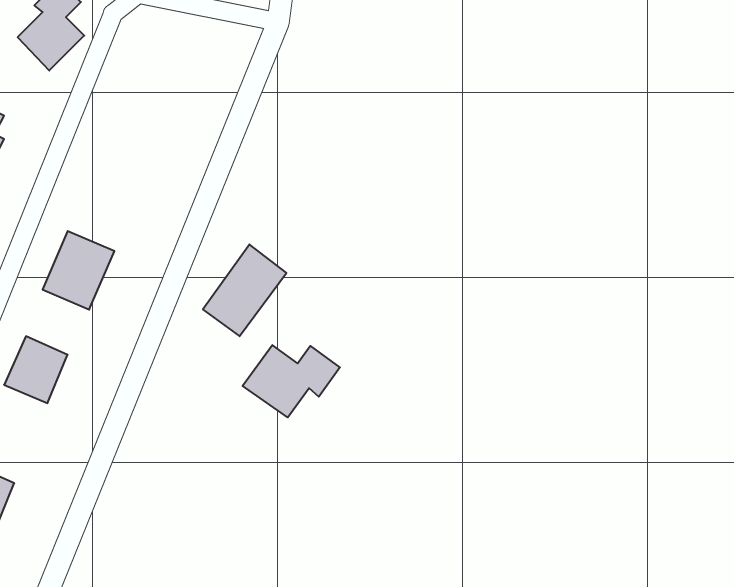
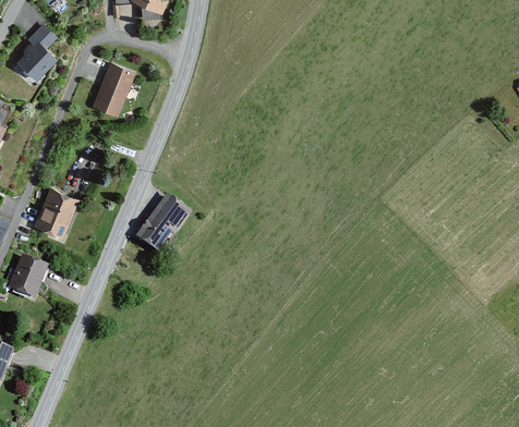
building: none -> [90,61,134,115]
building: [243,345,340,417] -> none

